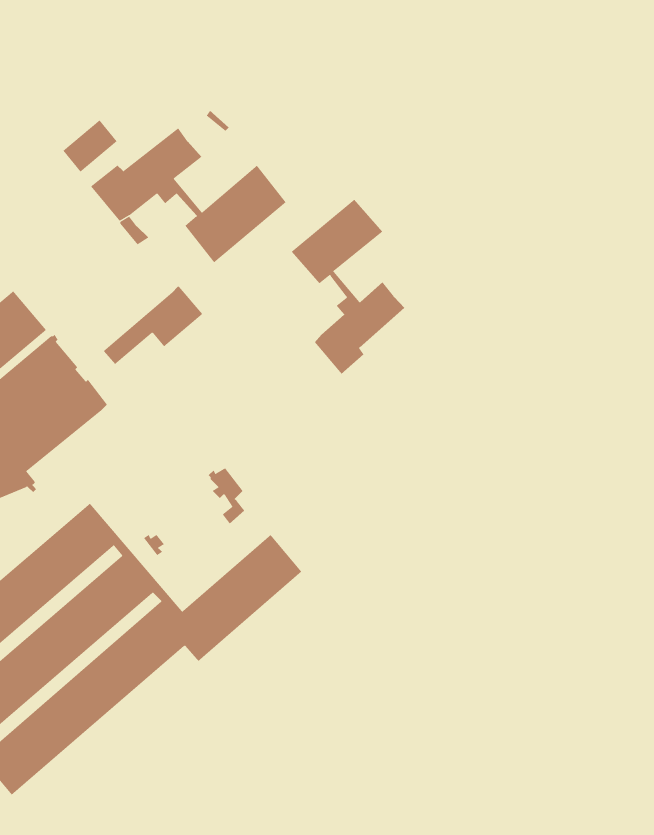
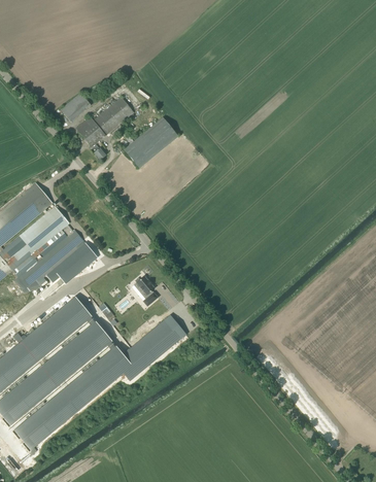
building: [291,199,405,375] -> none
building: [103,286,203,365] -> [44,243,97,284]

